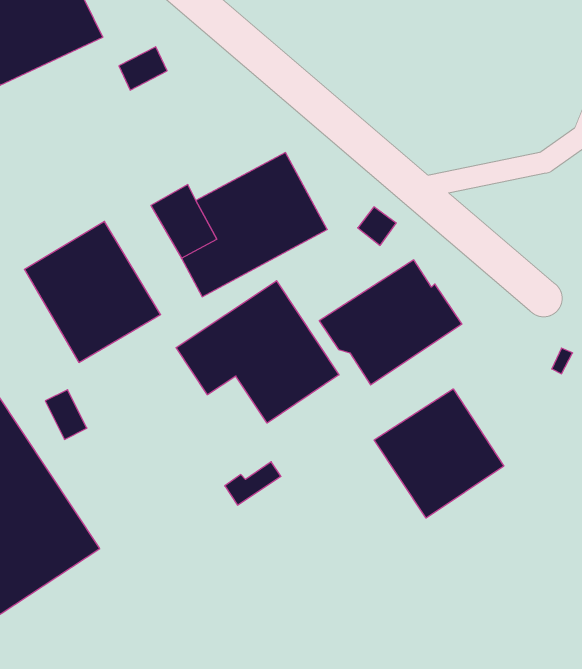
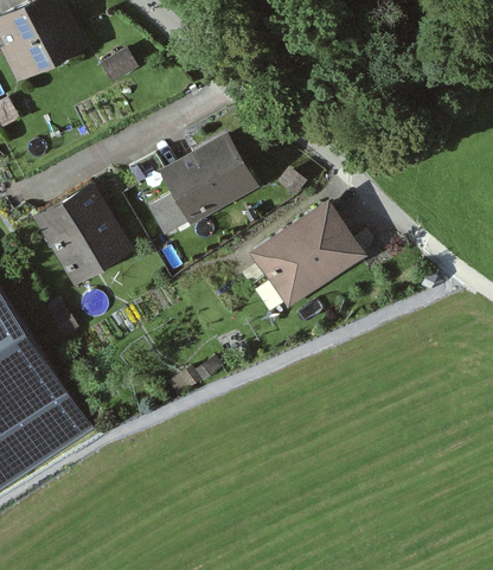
building: [176,281,339,423] -> none
building: [374,389,504,518] -> none

